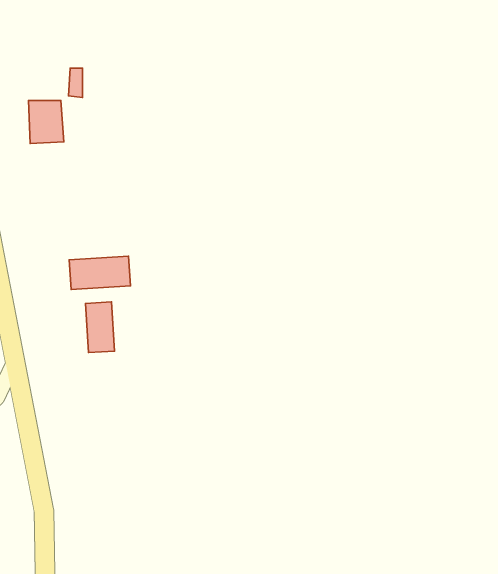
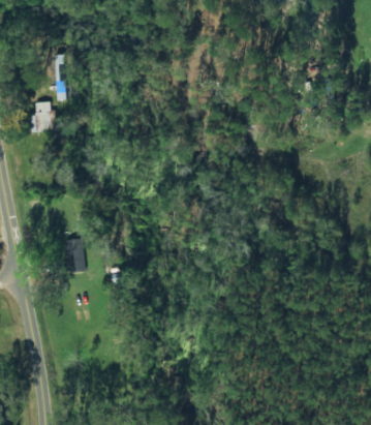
building: [69,256,130,289] -> none

